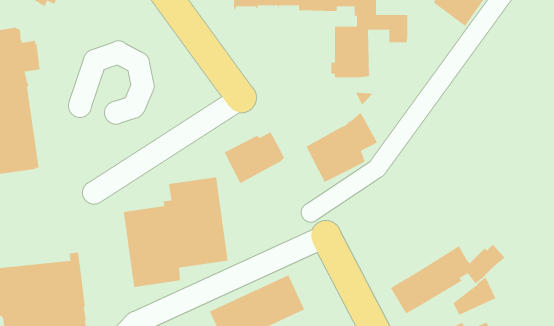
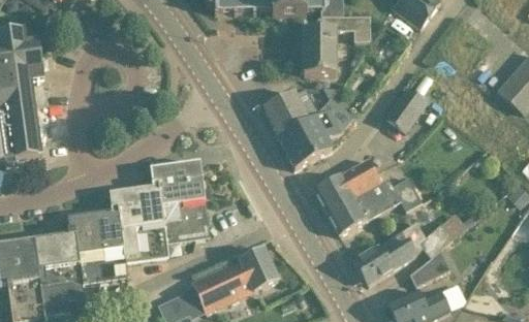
building: none -> [385,87,426,129]
building: [223,131,285,185] -> [263,86,318,133]
building: none -> [314,157,423,233]
building: none -> [73,205,125,277]

